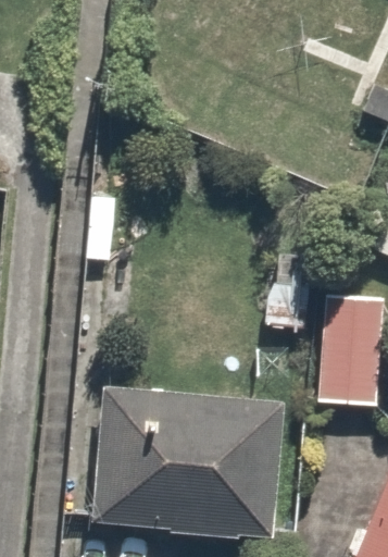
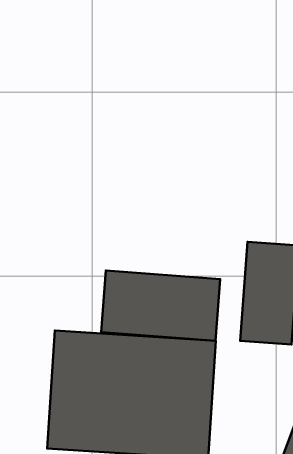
building: none -> [101,271,220,341]

